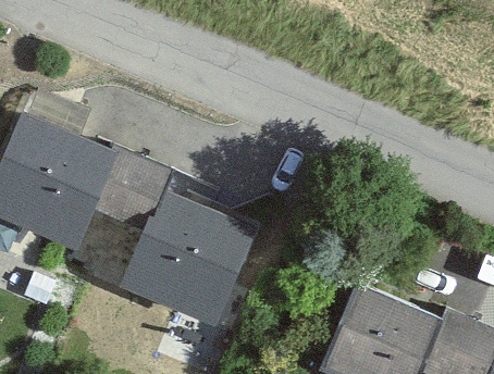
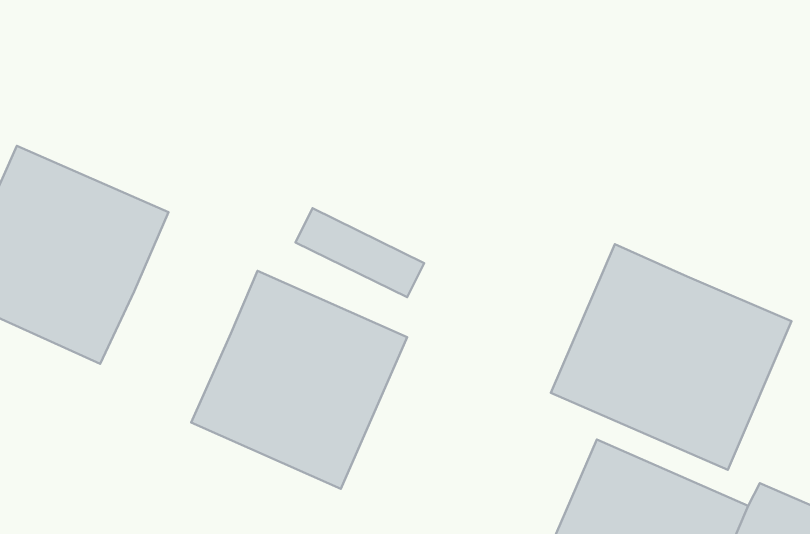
building: [92,140,174,224] -> none
building: none -> [551,244,792,470]

